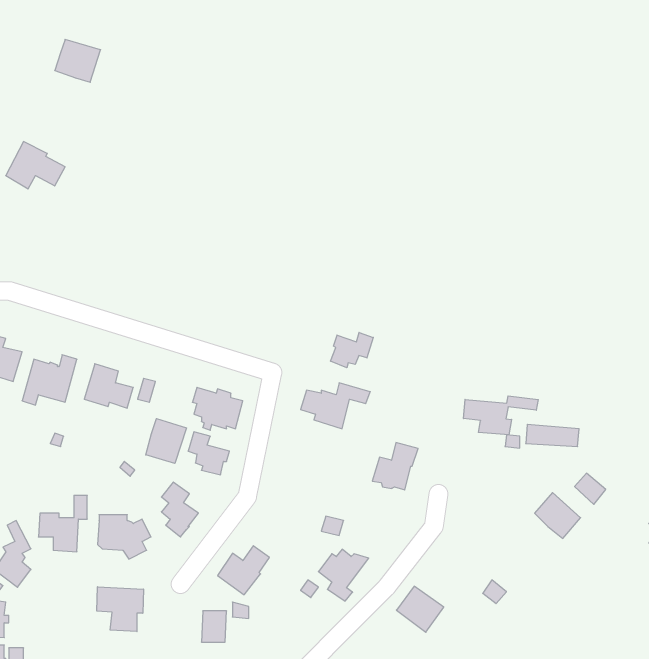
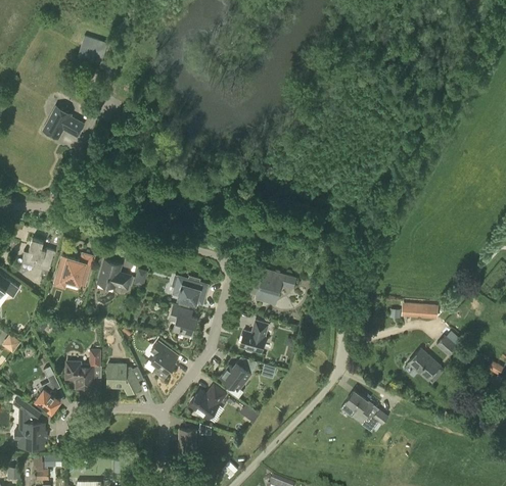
building: [331,332,373,368] -> none
building: [464,396,538,435] -> none
building: [146,419,187,463] -> none
building: [372,443,418,490] -> [238,321,270,353]
building: [318,549,369,601] -> [220,362,255,398]
building: [396,586,444,632] -> [340,391,373,423]
building: [97,587,143,632] -> none

